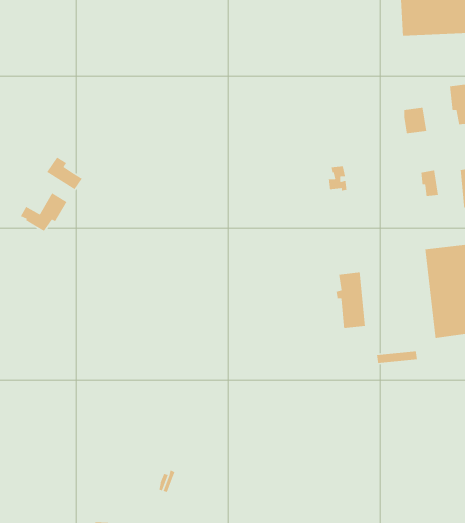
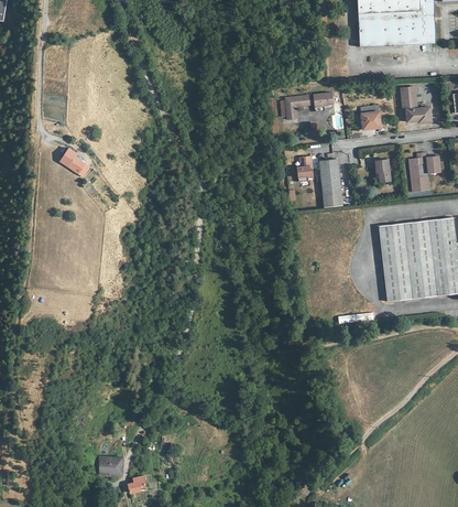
building: none -> [284,91,332,119]
building: [20,192,67,232] -> none
building: [336,272,366,329] -> [316,159,341,207]

